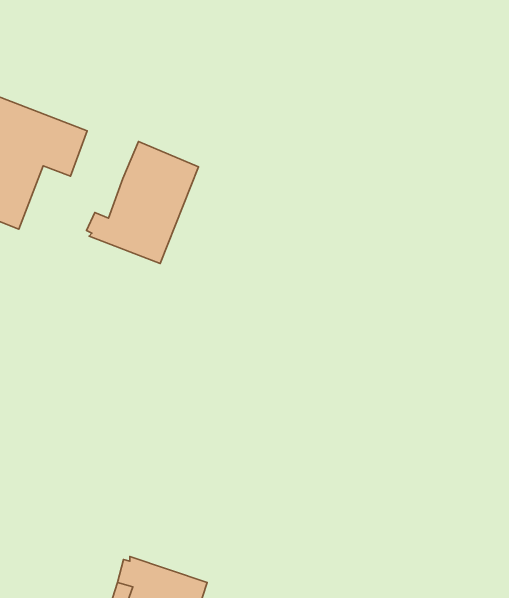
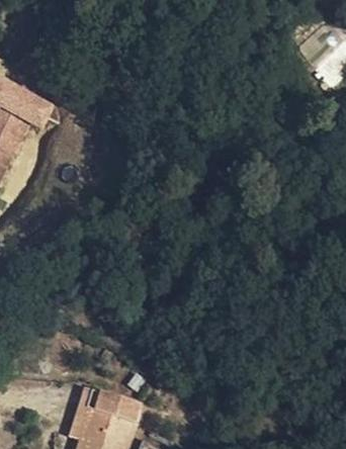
building: [87,141,198,263] -> none

